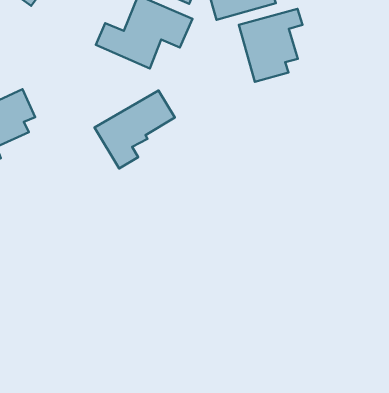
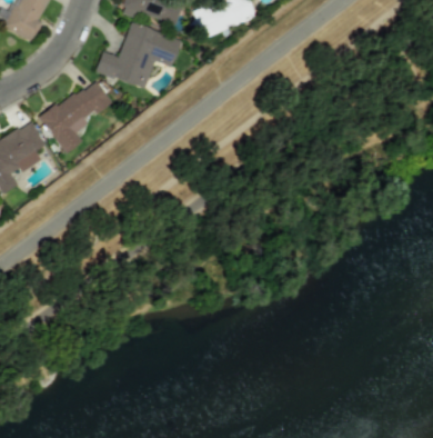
building: [239,9,302,82] -> none
building: [94,91,175,169] -> [39,78,112,153]

